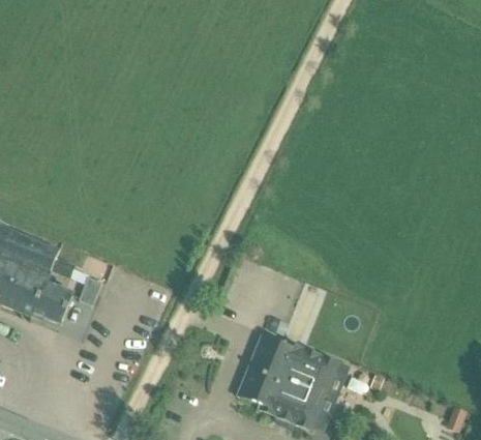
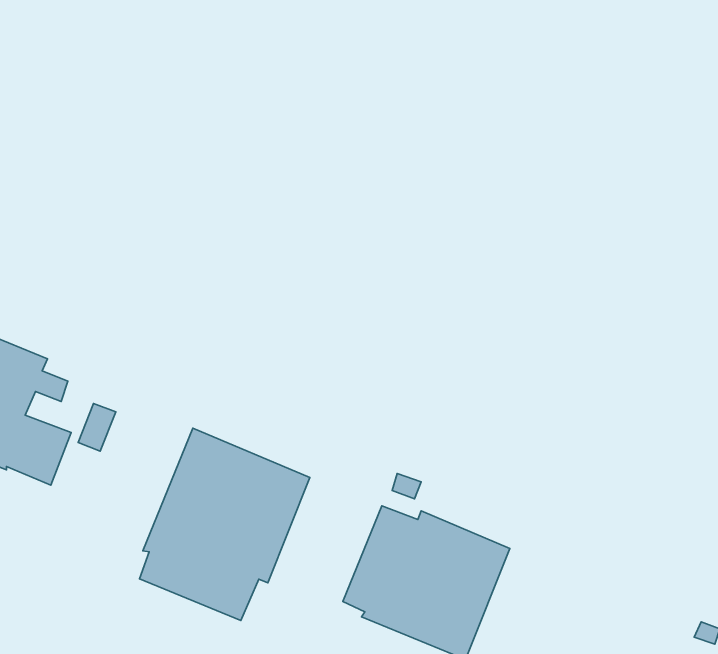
building: none -> [139,428,310,620]

